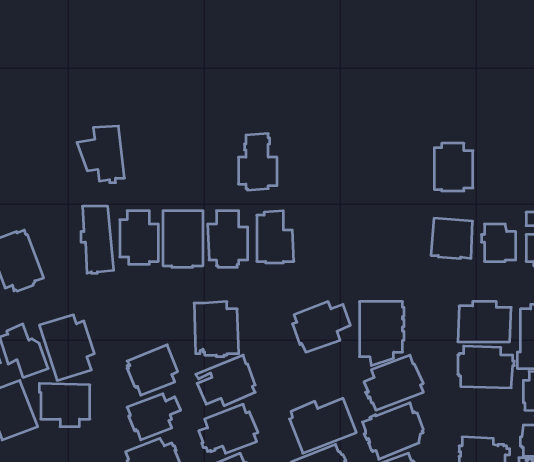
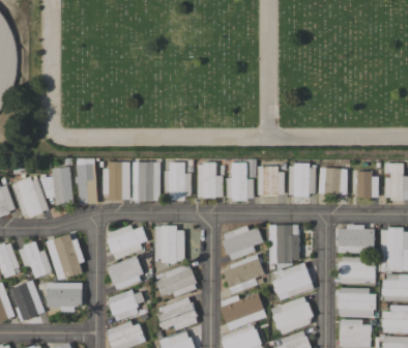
building: [77,126,125,183] -> [39,167,72,206]
building: [238,134,277,190] -> [226,162,253,201]
building: [434,143,473,191] -> [288,163,315,196]
building: none -> [257,166,284,196]
building: none -> [106,224,147,259]
building: none -> [223,254,264,294]
building: none -> [337,287,378,317]

